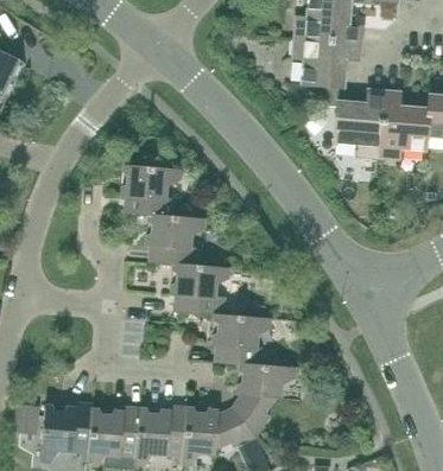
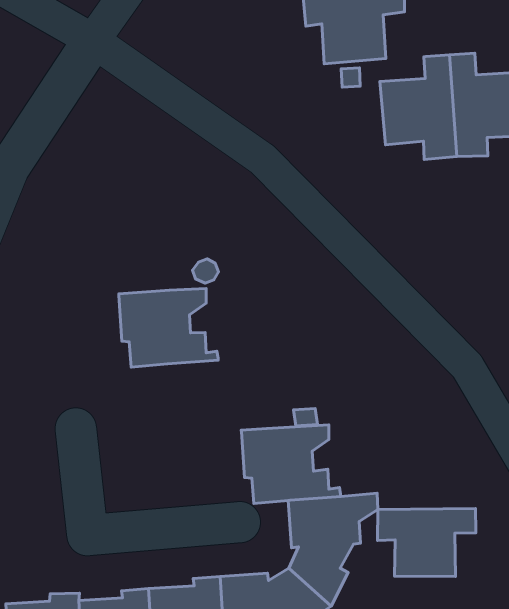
building: [121,164,182,216] -> none
building: [171,263,232,314] -> none
building: none -> [377,509,476,576]

